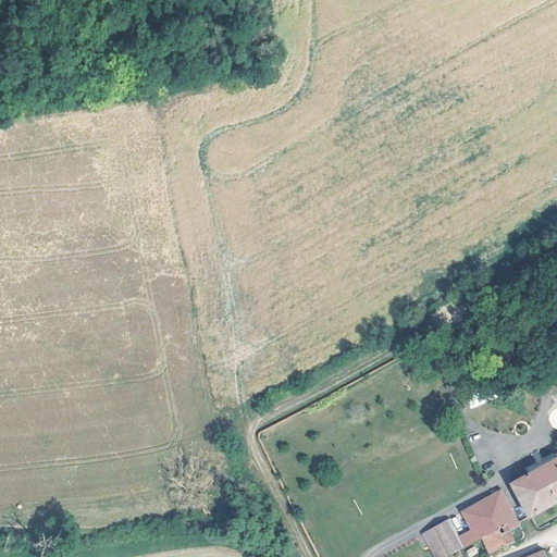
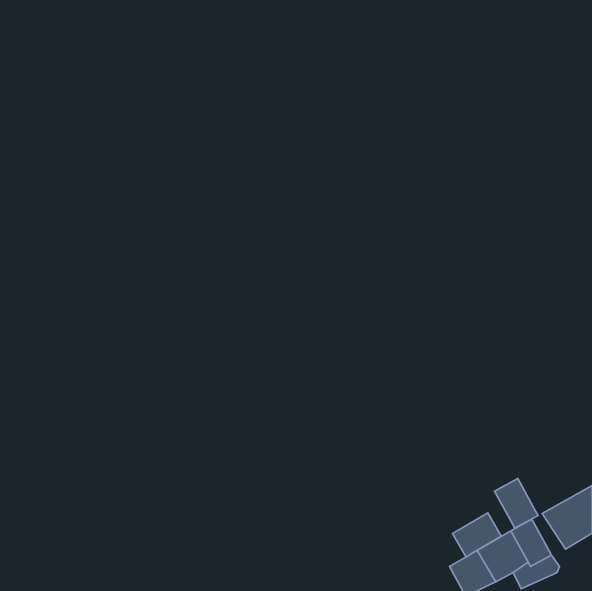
building: none -> [495,478,538,528]
building: none -> [452,513,501,557]

